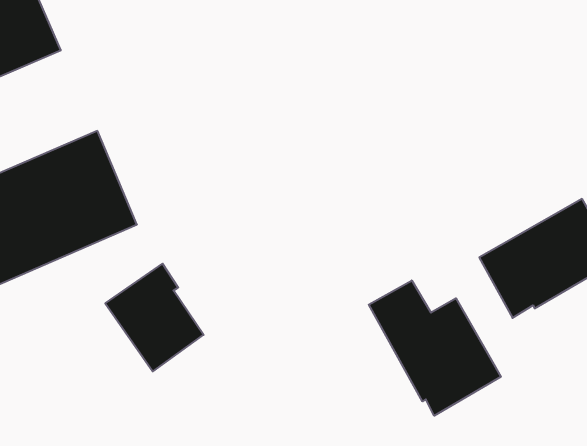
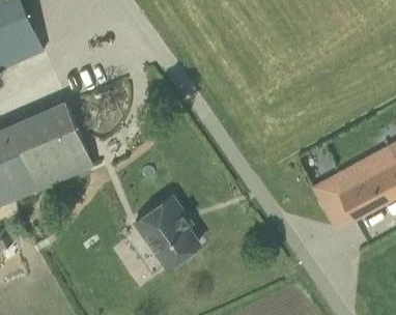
building: [105,264,204,371] -> [134,197,198,267]
building: [369,280,501,416] -> none

